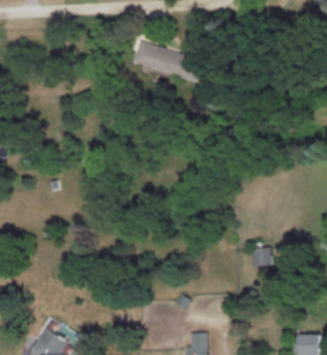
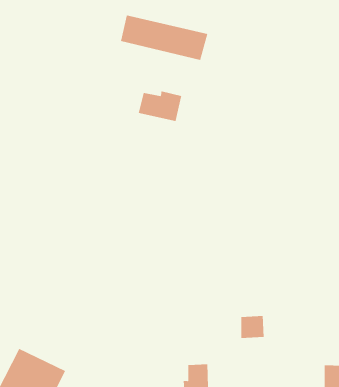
building: none -> [138,90,182,122]
building: [250,247,270,266] -> [240,316,265,338]

